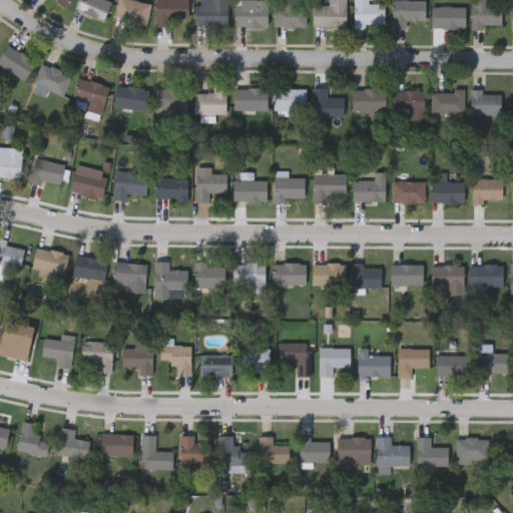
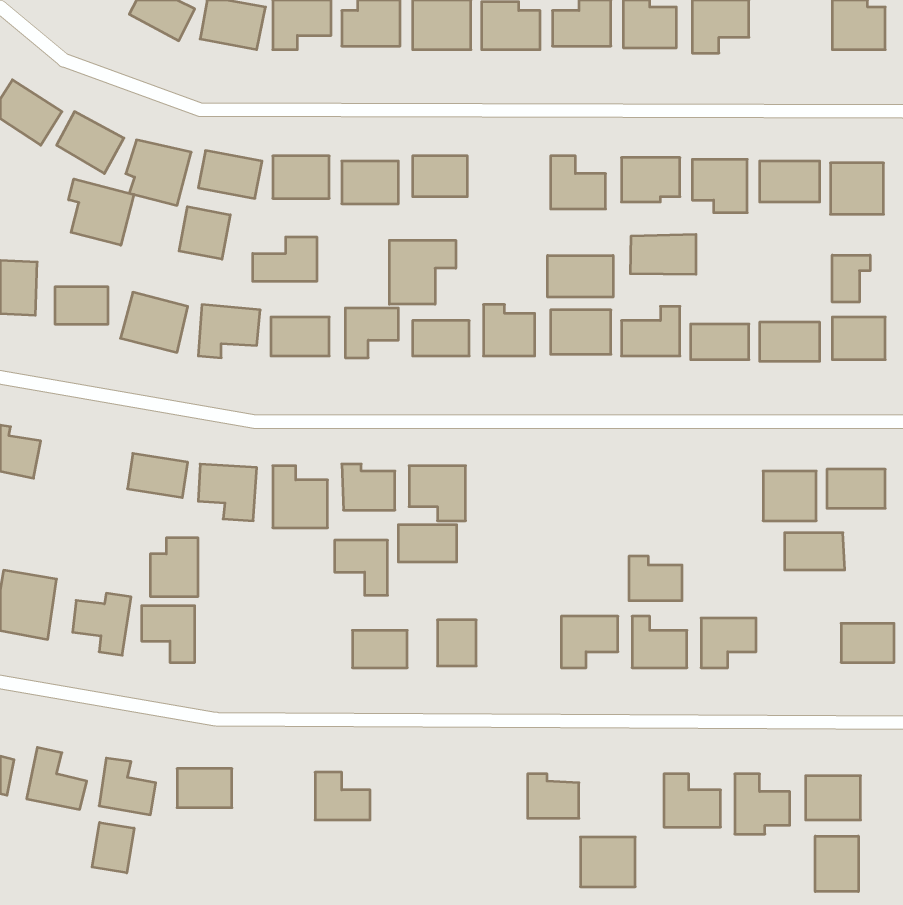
building: [432,8,465,29] -> none
building: [274,89,307,111] -> none
building: none -> [69,179,134,245]
building: none -> [179,207,230,259]
building: none -> [630,234,696,274]
building: none -> [253,237,317,281]
building: none -> [389,240,456,304]
building: none -> [832,255,870,302]
building: none -> [548,255,613,297]
building: [32,248,68,276] -> none
building: [273,265,306,286] -> [398,525,457,562]
building: [351,265,381,290] -> [629,556,682,601]
building: [313,266,345,287] -> none
building: [391,266,422,287] -> none
building: [124,342,151,375] -> [150,538,198,596]
building: [280,345,310,378] -> none
building: [160,347,190,378] -> [335,540,388,595]
building: [436,357,470,378] -> [785,533,845,570]
building: [141,437,172,470] -> none
building: [218,437,248,474] -> none
building: [259,437,289,465] -> none
building: [339,439,370,467] -> [580,837,635,887]
building: none -> [92,822,134,873]
building: none -> [815,836,858,892]

